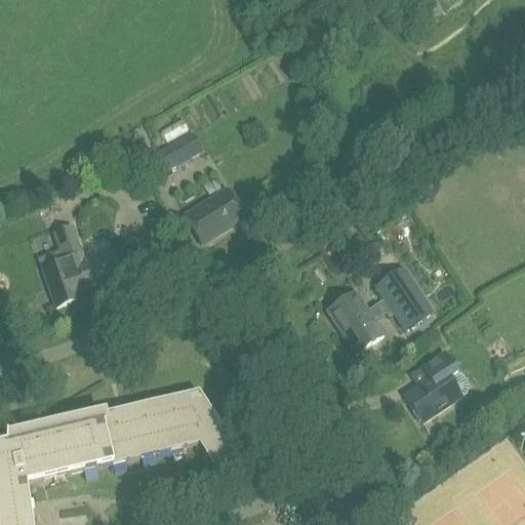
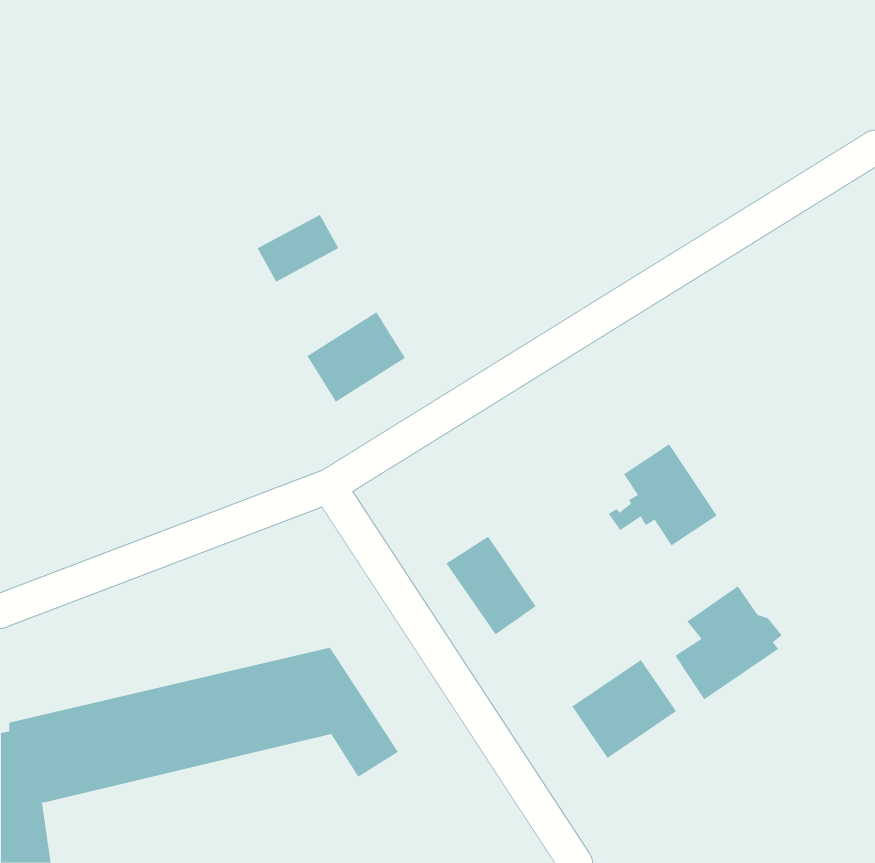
building: [42,224,119,302] -> none
building: [327,290,381,350] -> [446,536,536,635]
building: none -> [571,659,677,759]

